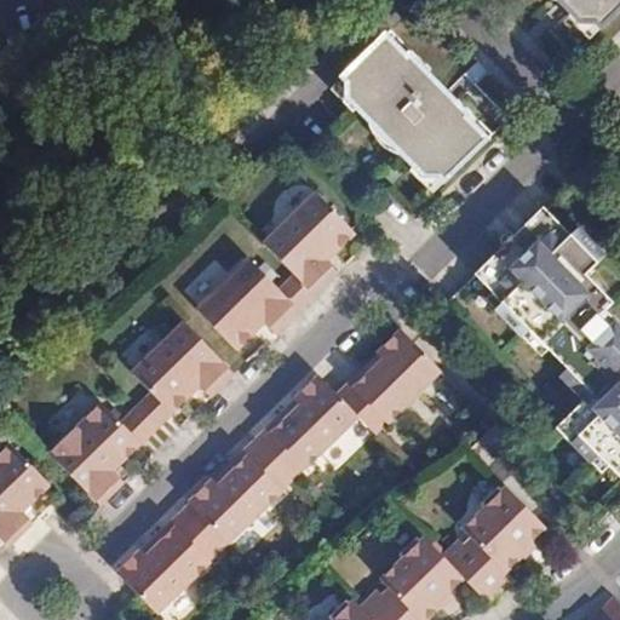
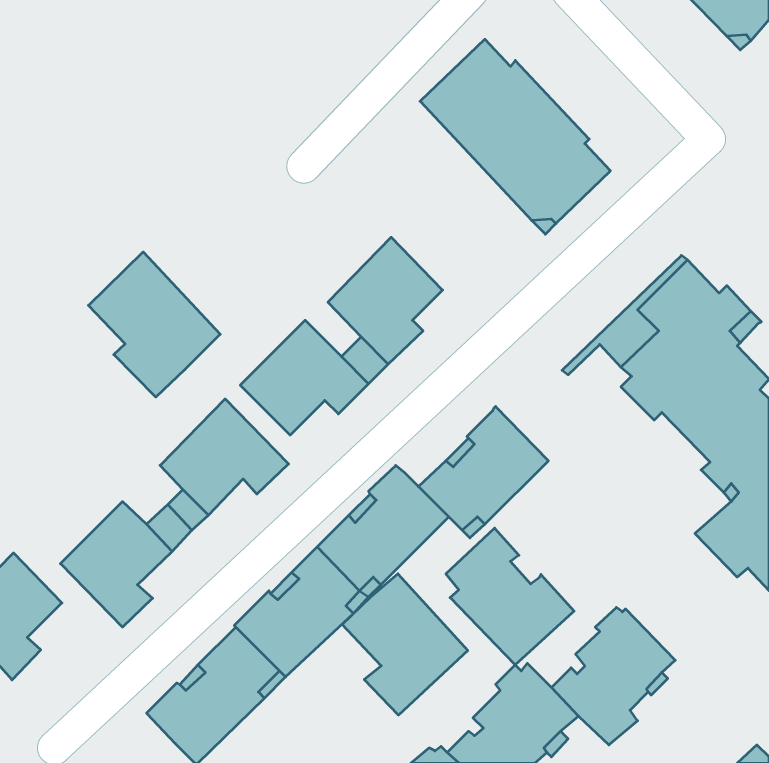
building: none -> [88,252,220,397]
building: none -> [446,528,574,665]
building: none -> [342,574,468,715]

